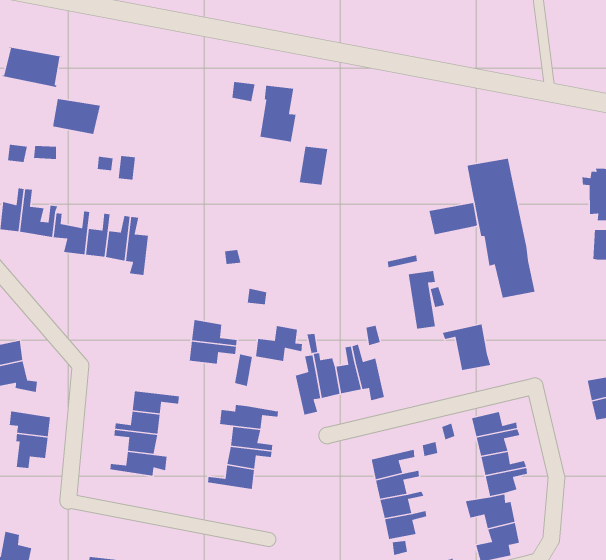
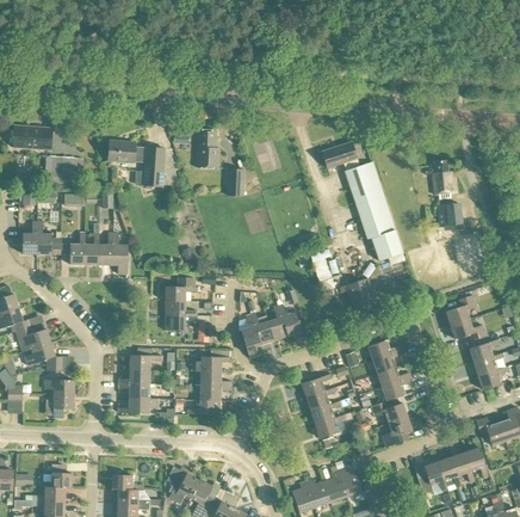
building: none -> [109,141,166,186]
building: [428,202,478,235] -> [322,142,358,168]
building: [255,325,303,362] -> [166,276,198,301]

